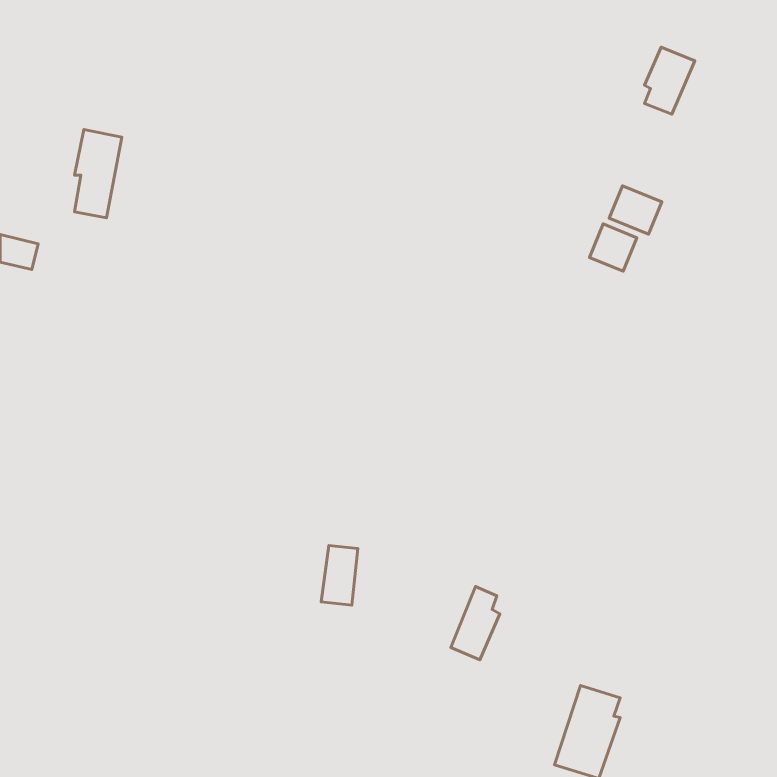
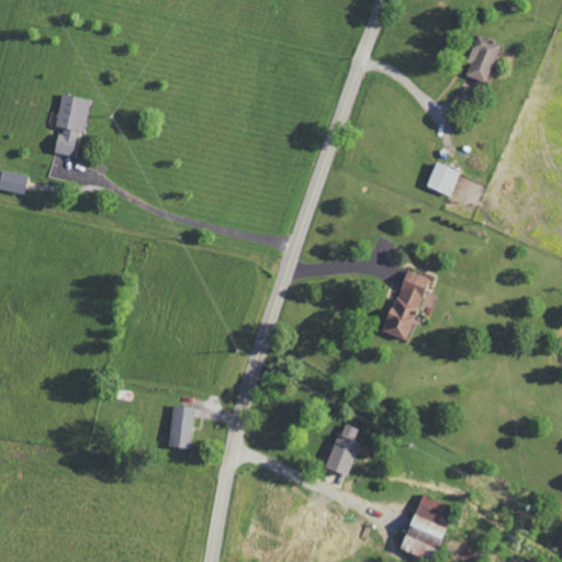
building: [609,186,662,234] -> none
building: none -> [381,270,429,340]
building: [321,546,358,605] -> [168,406,194,449]

